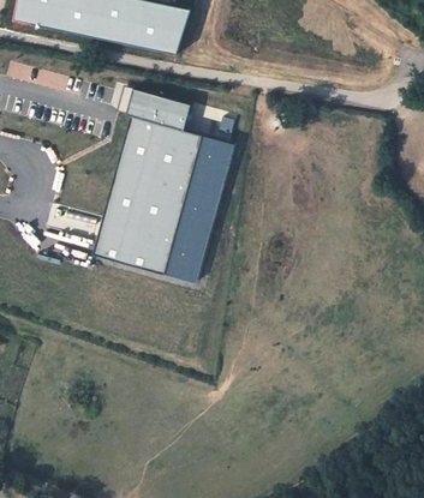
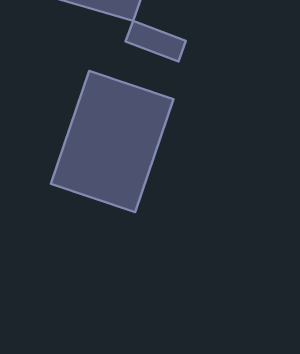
building: [117,85,189,130] -> [125,21,186,61]

